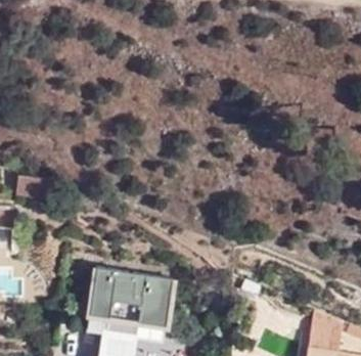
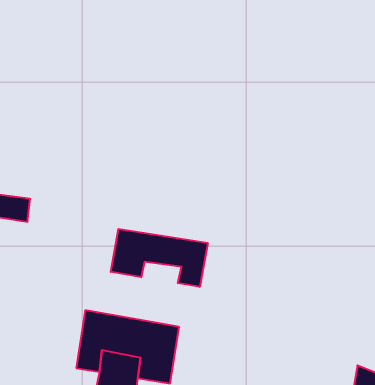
building: none -> [111,229,208,287]

